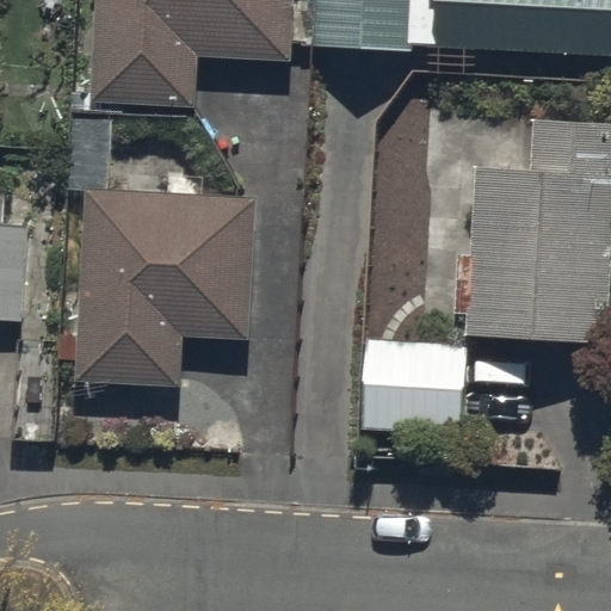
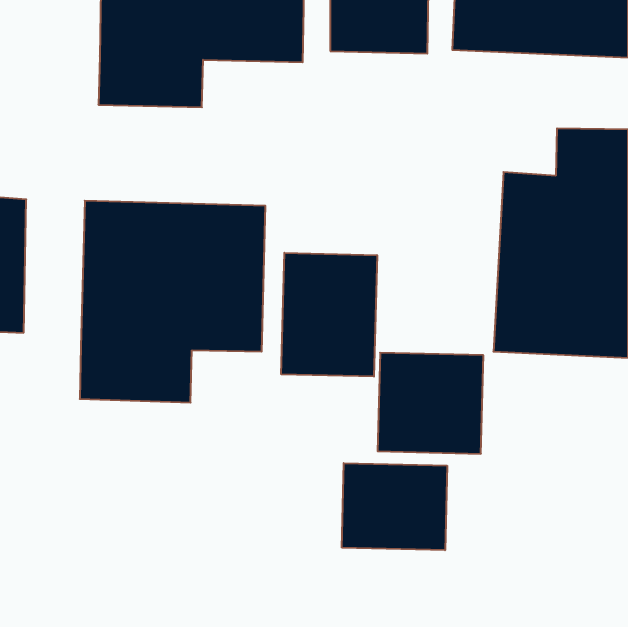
building: none -> [281,253,377,377]
building: none -> [342,463,447,550]

